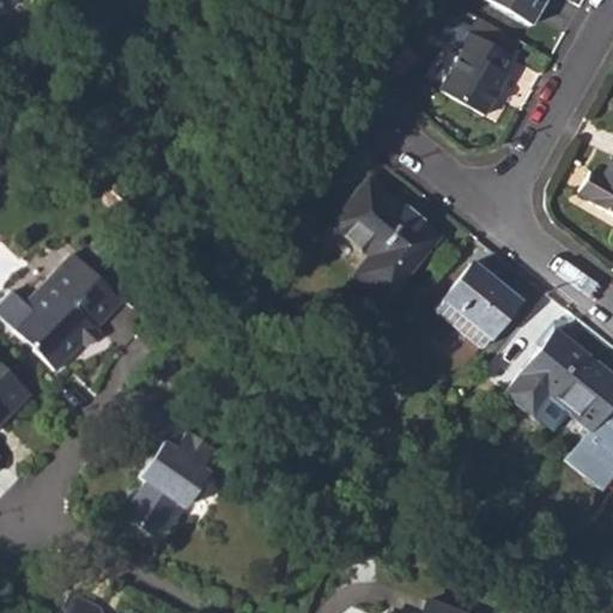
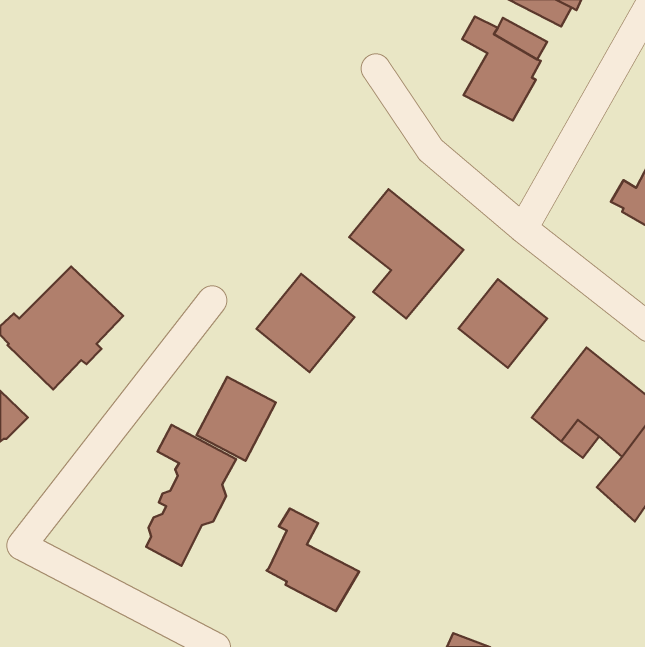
building: none -> [256,274,354,372]
building: none -> [197,377,276,461]
building: none -> [267,508,359,611]

